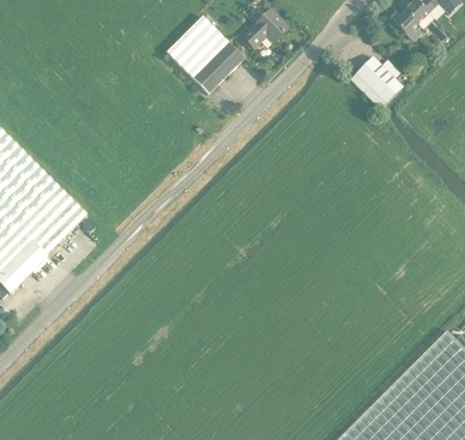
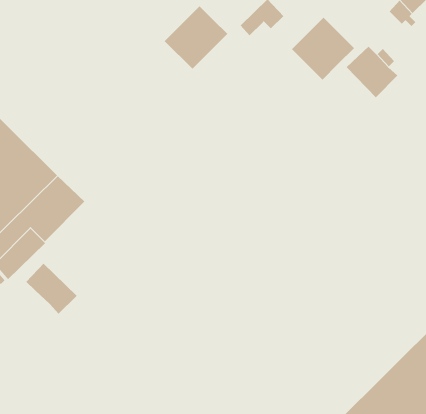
building: none -> [291,17,355,81]
building: [195,46,244,95] -> none
building: none -> [26,263,77,315]

